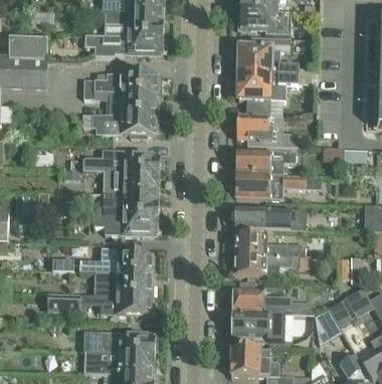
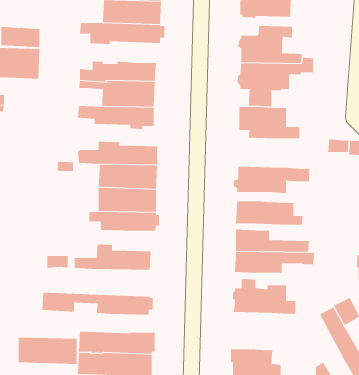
building: [233,150,296,174] -> none
building: [96,271,153,298] -> [18,337,77,365]
building: [232,313,292,349] -> none

